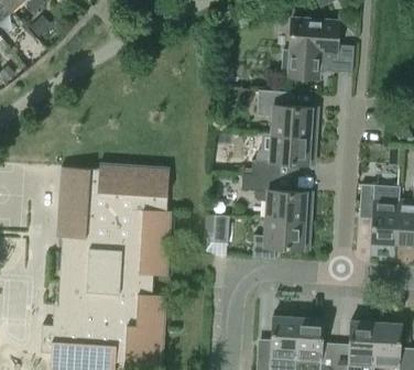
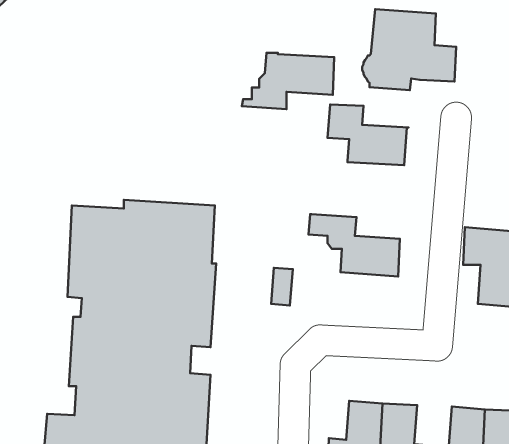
building: [243,133,314,176] -> [242,53,334,109]
building: [252,218,309,259] -> none

